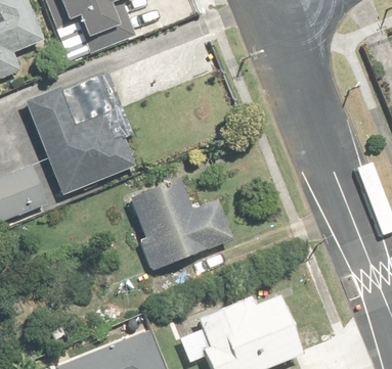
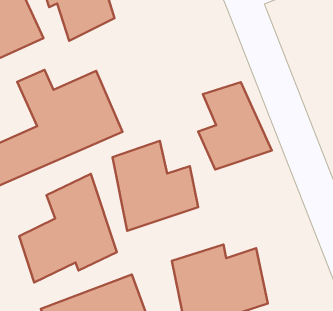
building: none -> [198,82,272,169]
building: none -> [19,174,117,282]

